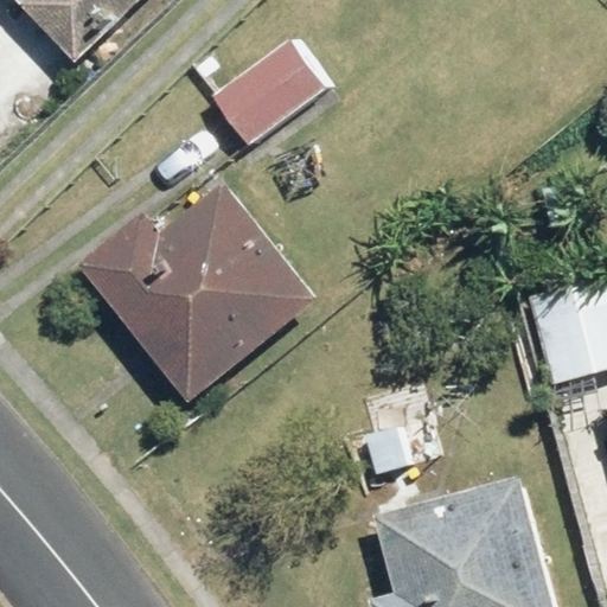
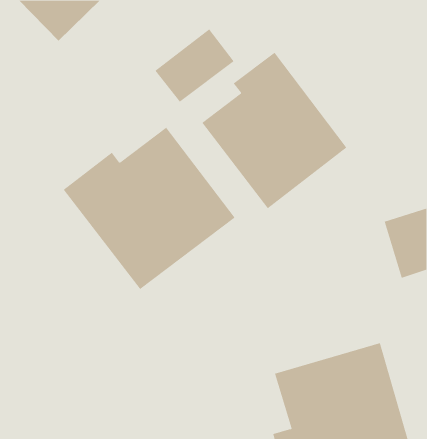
building: none -> [202,52,347,209]

